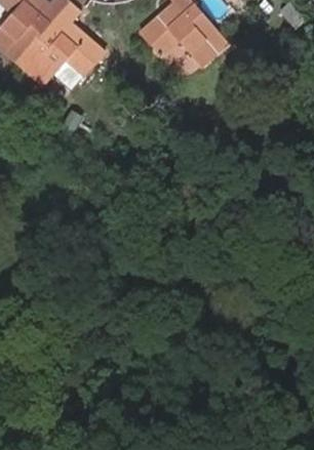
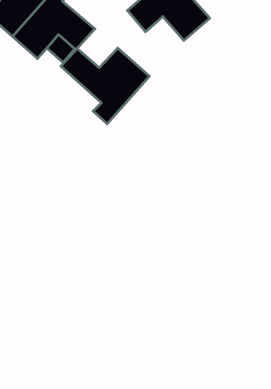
building: none -> [61,48,149,124]

